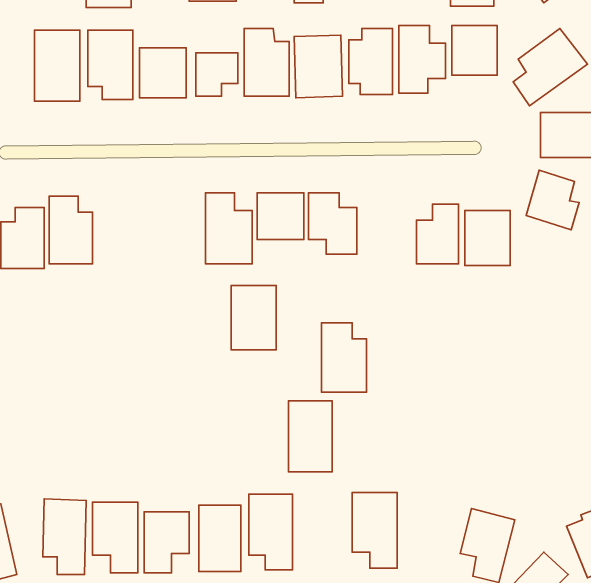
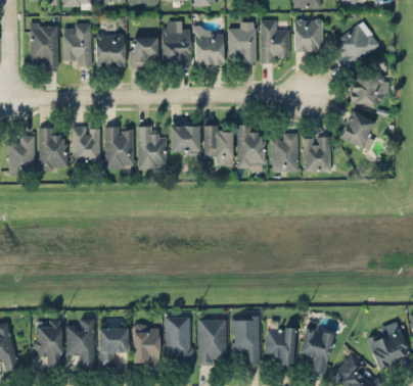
building: none -> [73,127,100,161]
building: [231,286,276,350] -> [105,127,134,167]
building: [321,323,367,392] -> [237,125,266,168]
building: [289,401,332,472] -> [198,320,226,365]
building: none -> [268,328,293,363]

